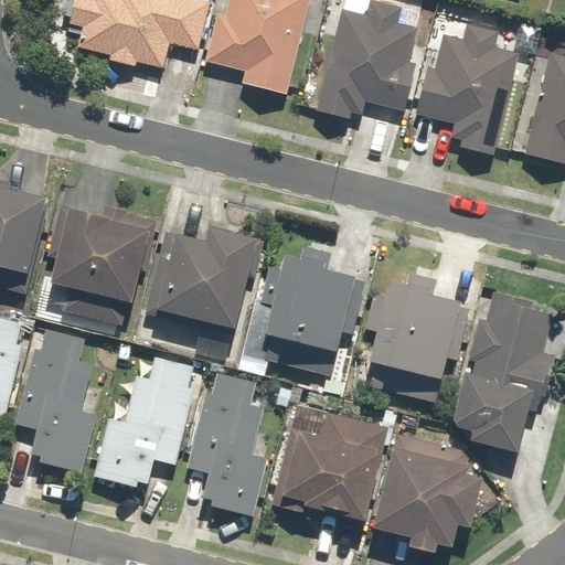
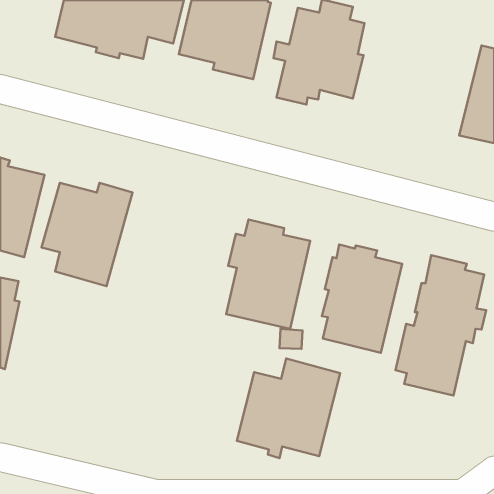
building: [414,22,519,156] -> none
building: [145,226,255,329] -> none
building: [14,329,94,471] -> none
building: [94,356,193,487] -> none
building: [185,371,267,515] -> none
building: [372,433,482,552] -> none

